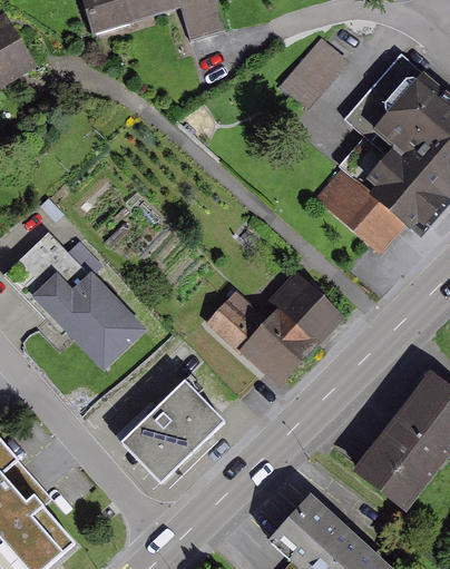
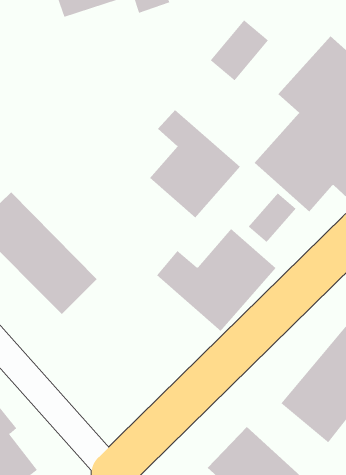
building: none -> [149,109,241,219]
building: none -> [248,193,296,243]
building: [120,390,233,504] -> none

